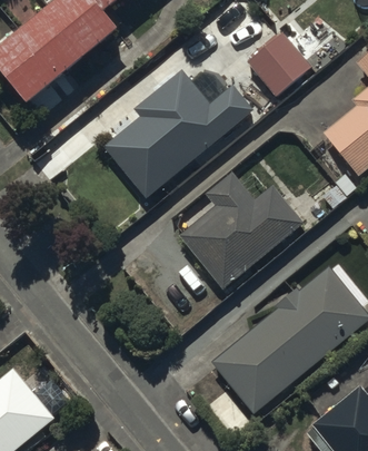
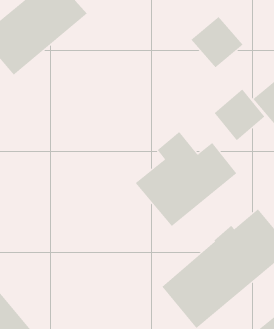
building: [103,69,251,197] -> none
building: none -> [214,89,265,141]

